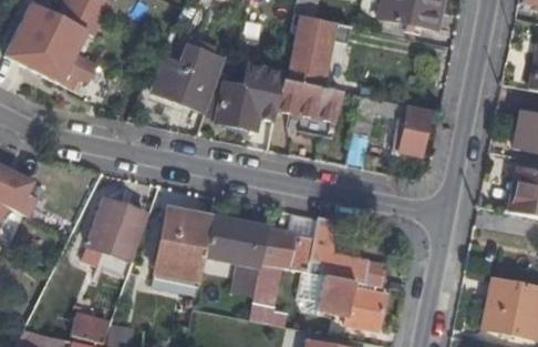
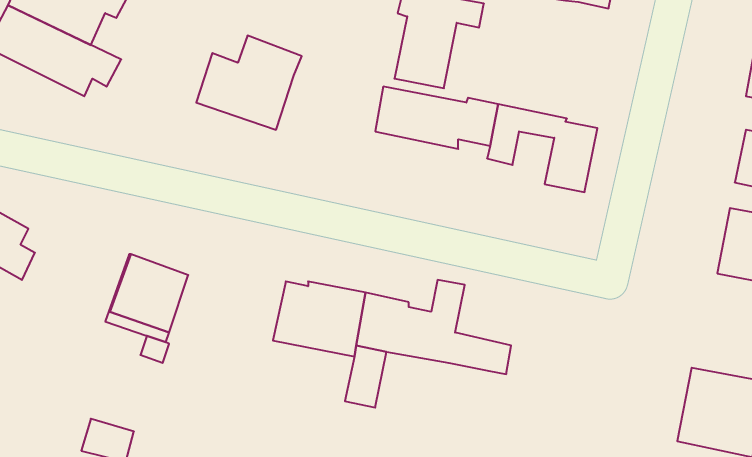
building: [205,65,282,130] -> none
building: [156,208,213,278] -> none
building: [318,274,385,329] -> none

